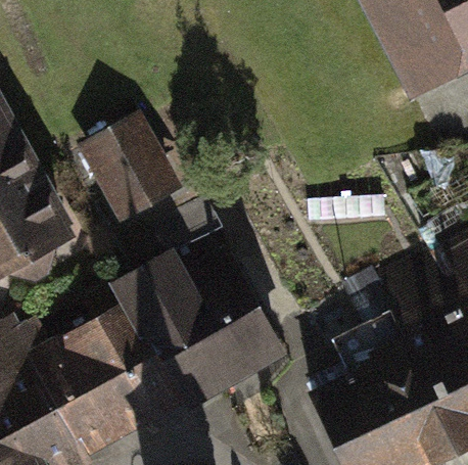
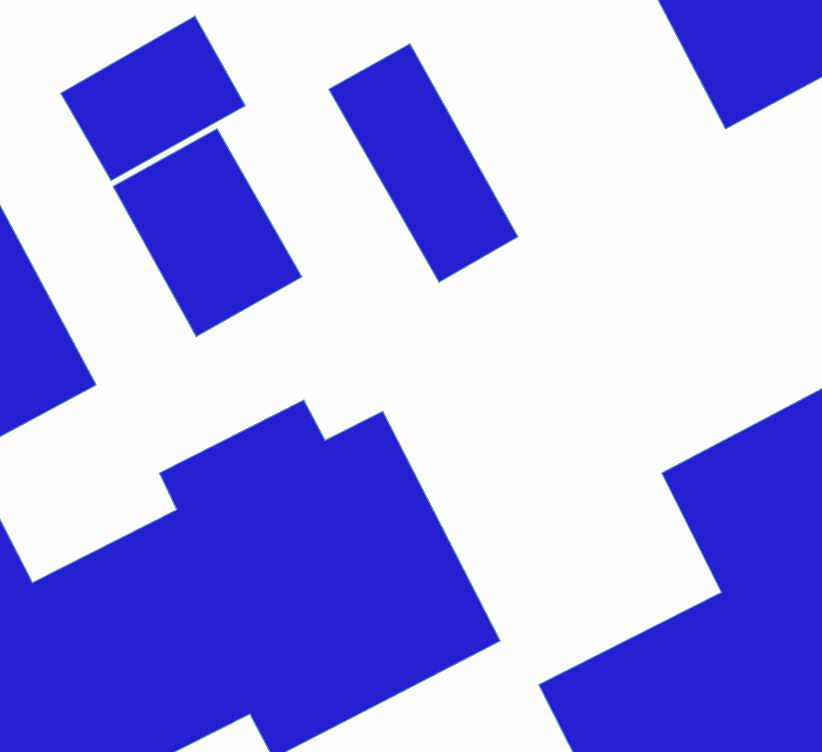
building: none -> [61,16,245,181]
building: none -> [329,44,518,282]

